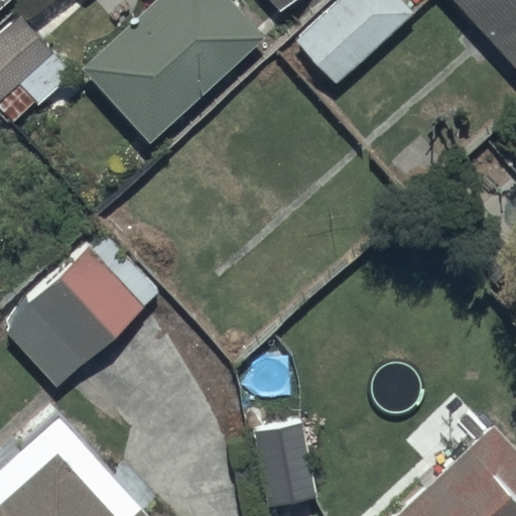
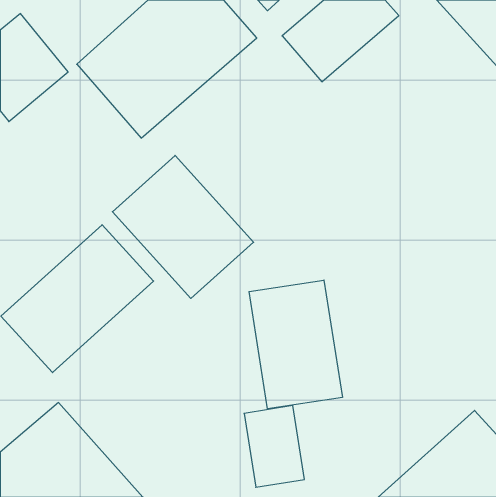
building: none -> [112,155,254,298]
building: none -> [249,280,342,409]

